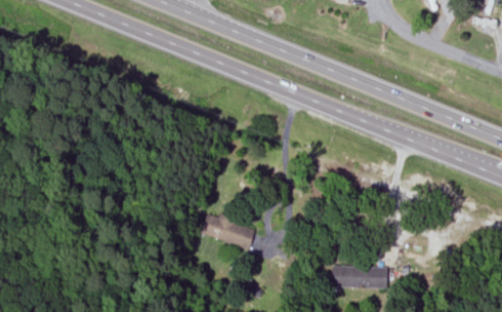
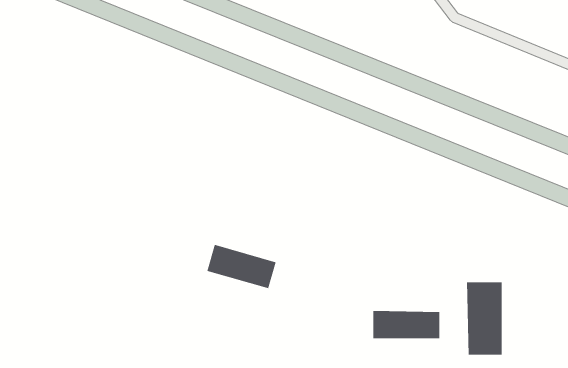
building: none -> [467,281,502,355]

